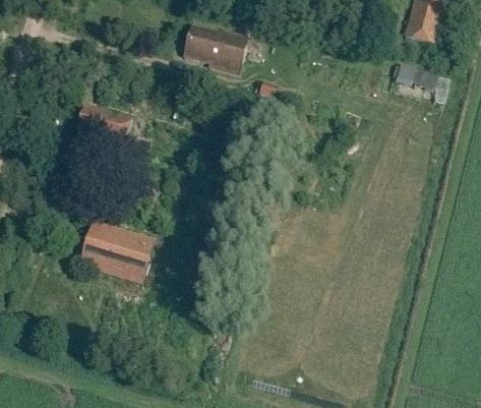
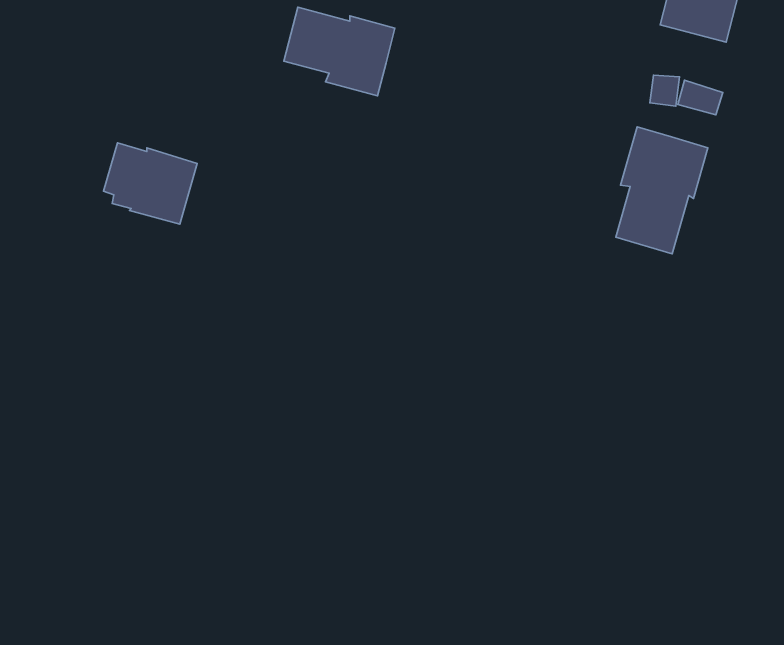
building: none -> [616,127,708,254]
building: [79,221,154,282] -> none

